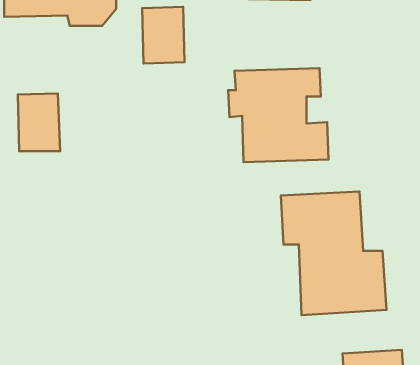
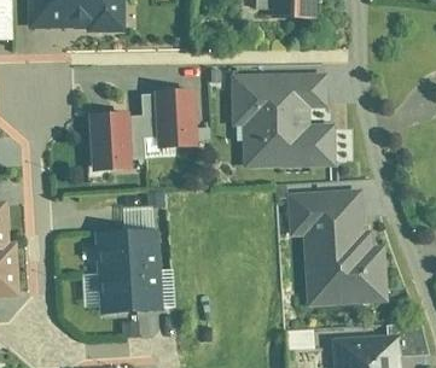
building: [142,7,185,63] -> [153,95,193,148]
building: [18,93,60,151] -> [91,117,130,171]
building: none -> [99,206,175,311]

